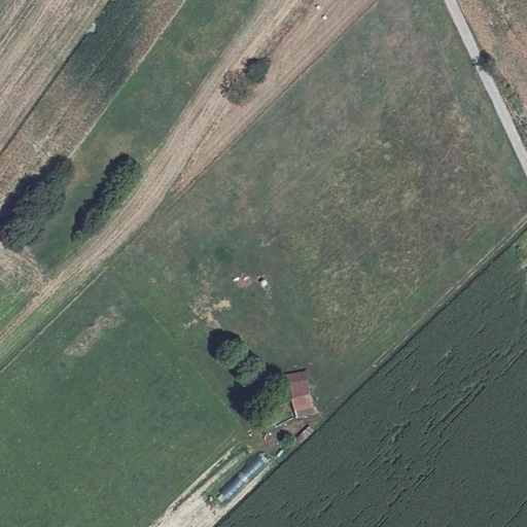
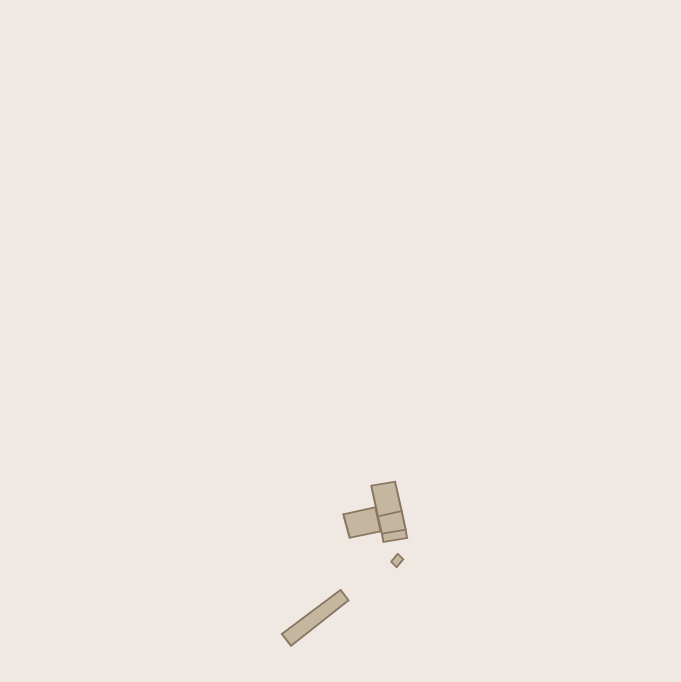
building: none -> [343,507,380,538]

